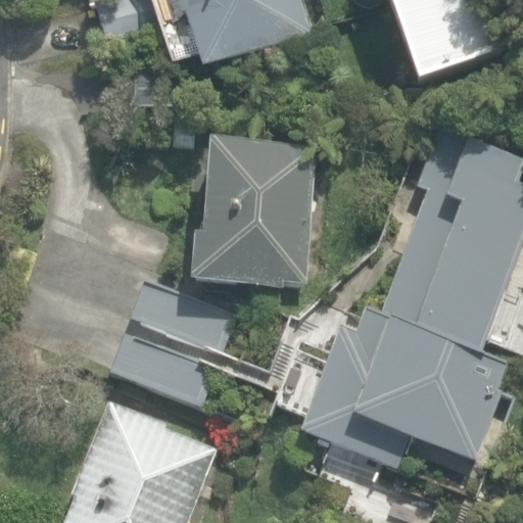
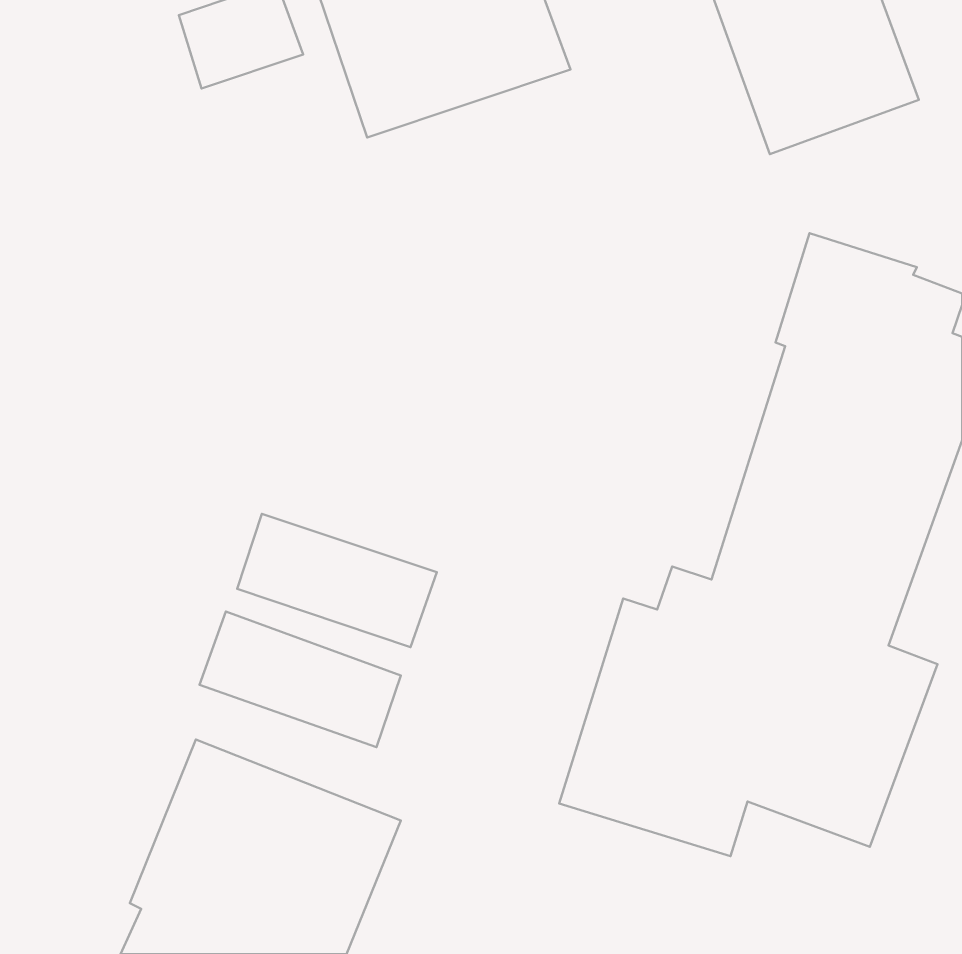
building: [192,137,315,289] -> none

